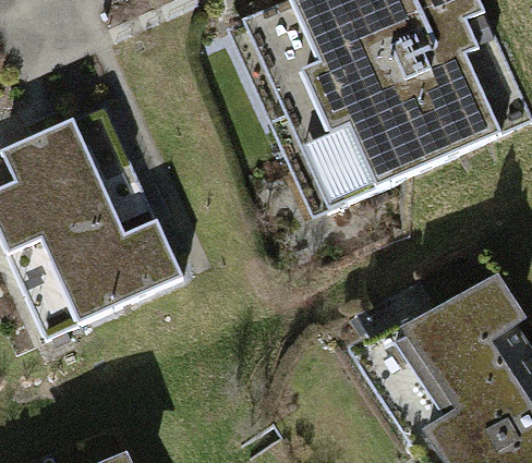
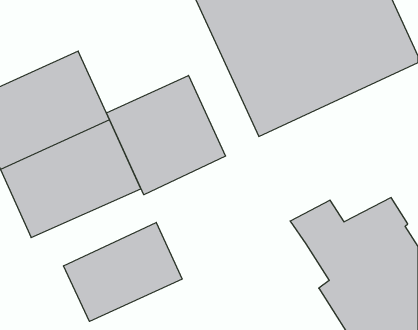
building: none -> [106,75,225,195]
building: none -> [64,222,182,321]

